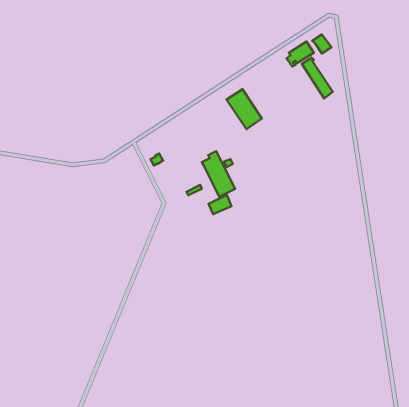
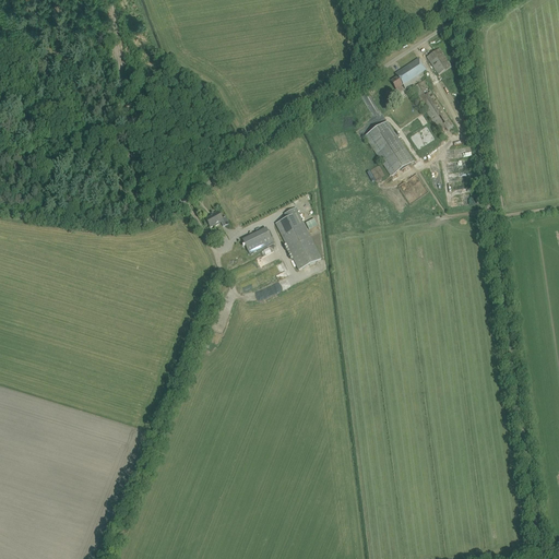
building: [226,89,262,129] -> [365,120,413,175]
building: [208,195,232,214] -> [242,226,274,252]

